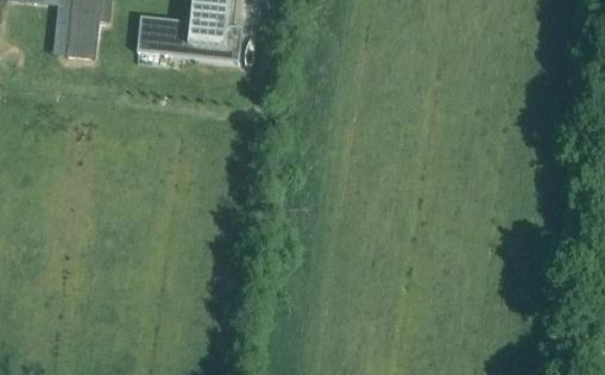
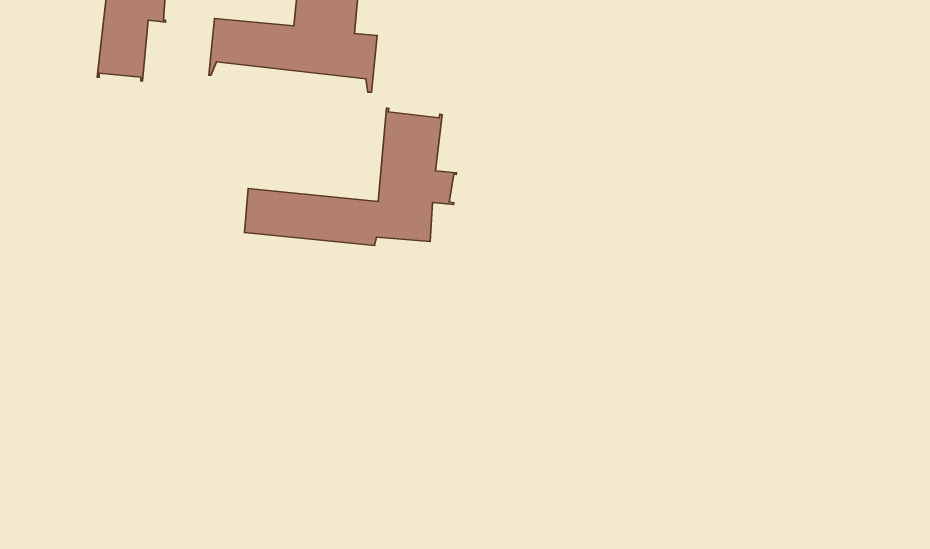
building: none -> [244,108,456,246]

